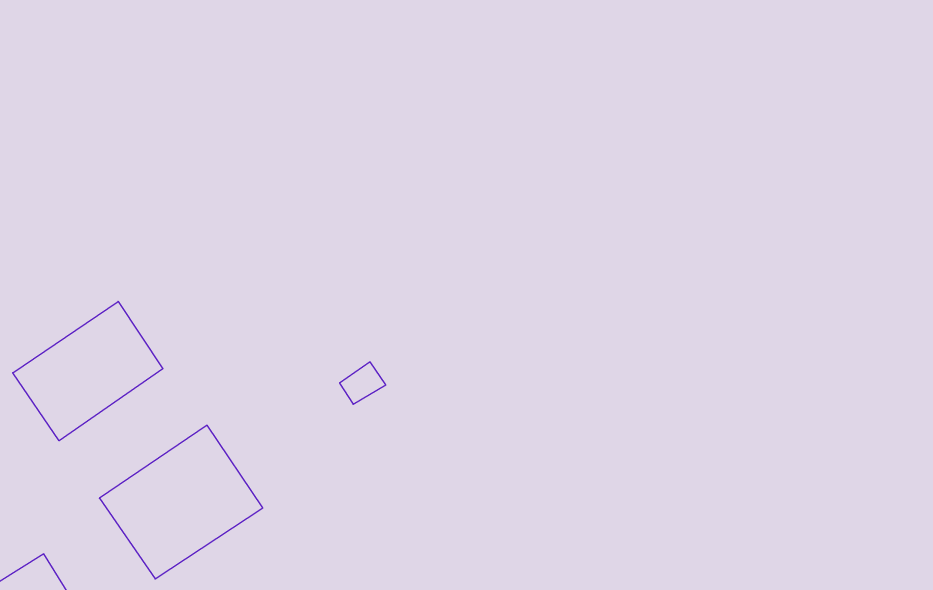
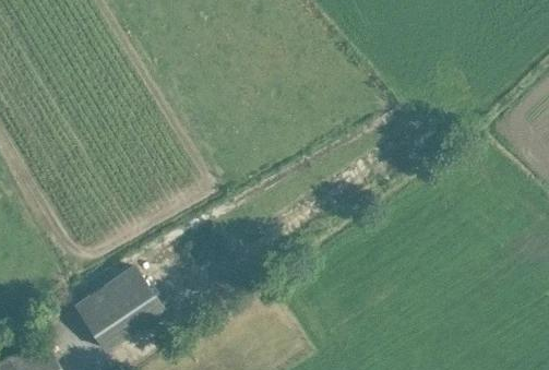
building: [13,301,163,441] -> none

